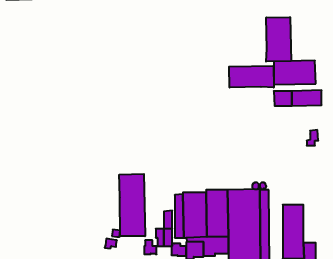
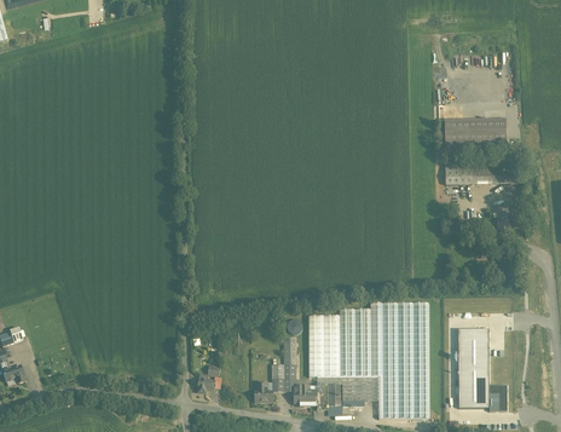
building: [266,17,291,62] -> none
building: [229,66,274,88] -> none
building: [119,174,145,236] -> none

